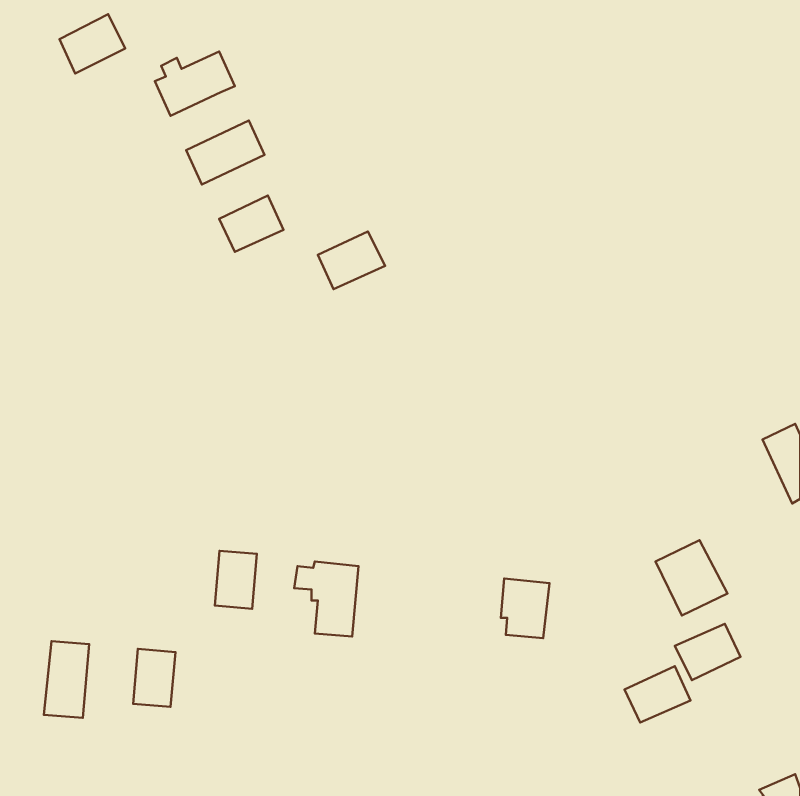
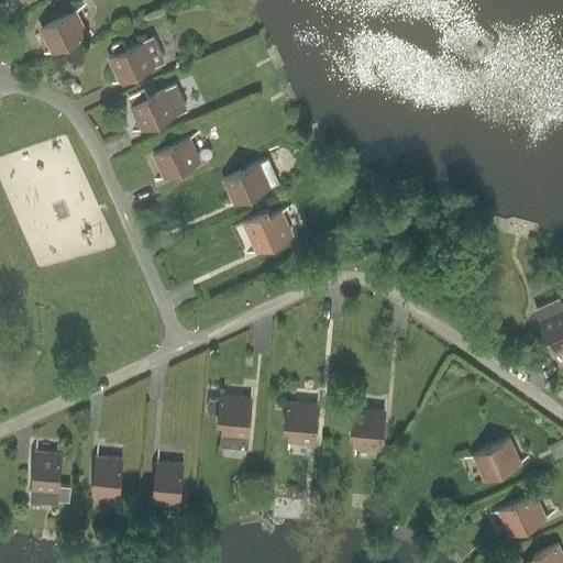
building: none -> [243,213,292,253]
building: [656,540,728,616] -> none
building: [215,551,257,609] -> [154,464,184,505]
building: none -> [285,404,319,444]
building: [625,666,690,722] -> [500,496,547,536]

